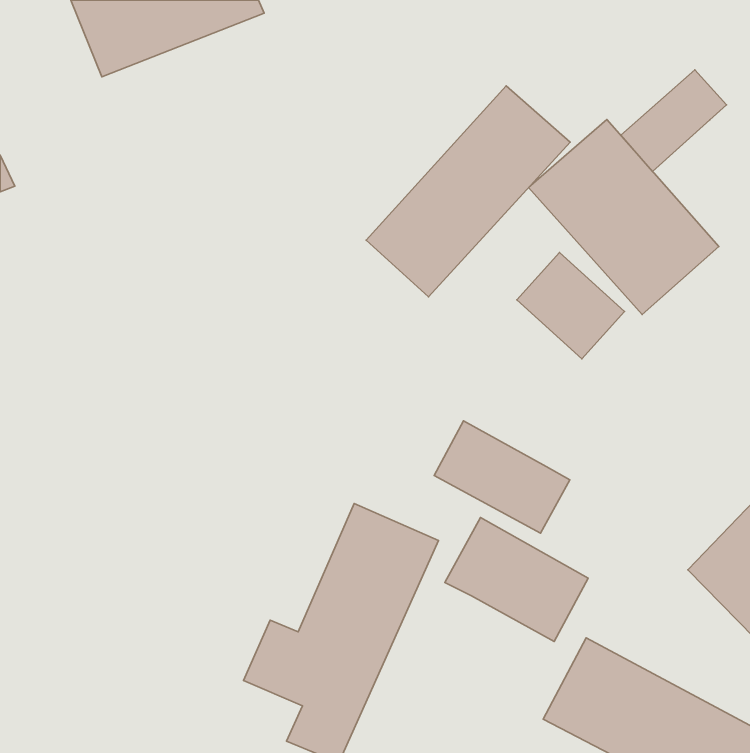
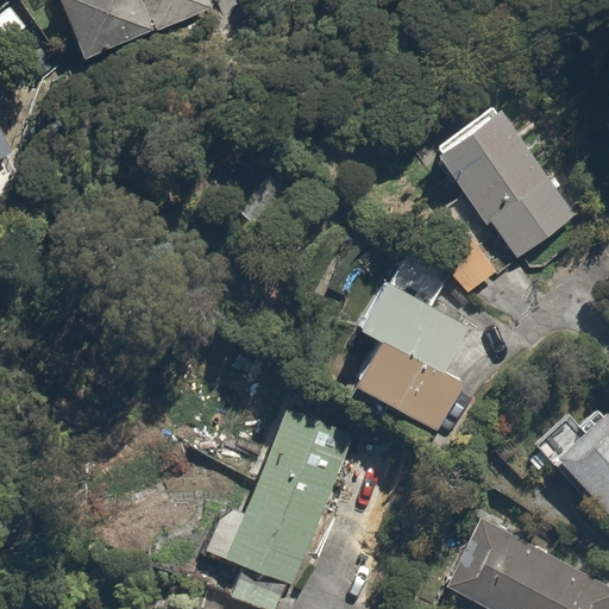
building: [621,70,726,171] -> none
building: [366,86,570,297] -> none
building: [445,518,588,642] -> [356,277,471,377]

